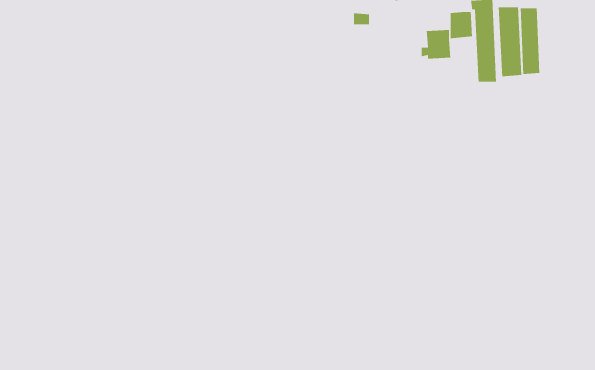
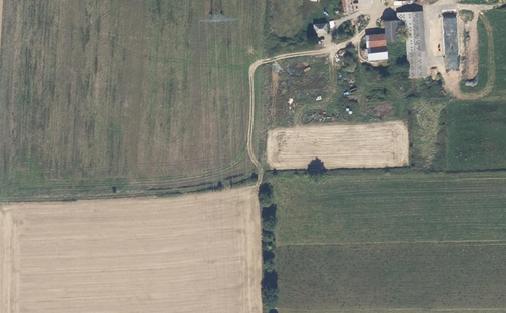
building: [498,6,522,77] -> none

